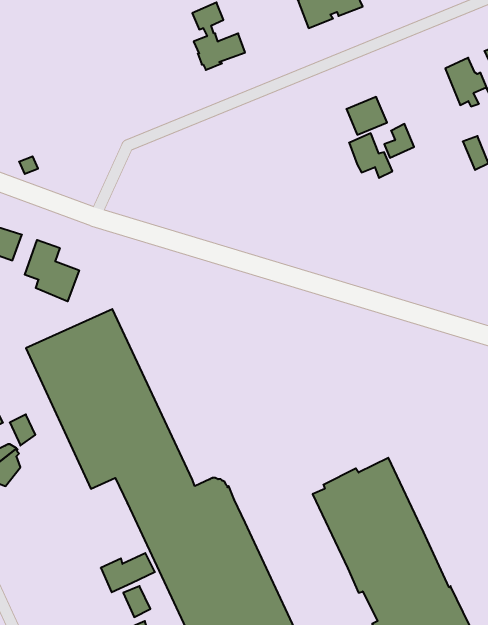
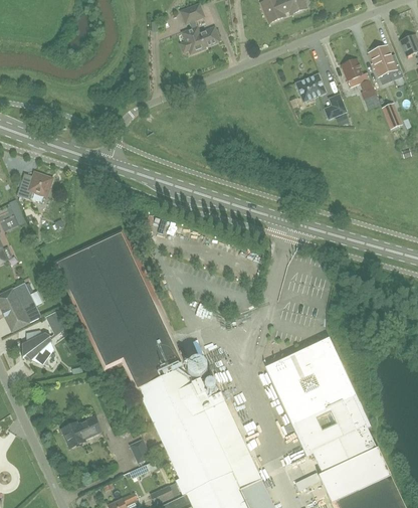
building: [349,133,392,178] -> [341,58,373,92]
building: [25,240,79,301] -> none
building: [101,553,155,592] -> [61,417,101,447]

